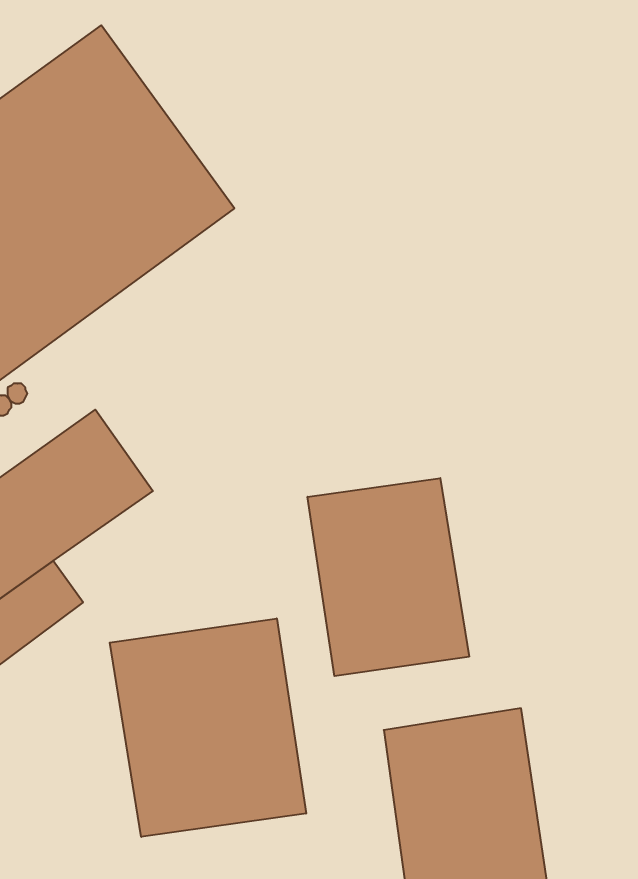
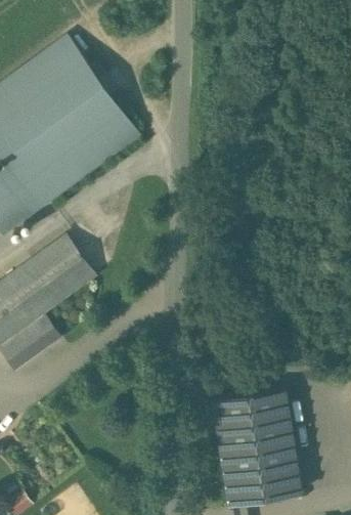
building: [308,478,469,676] -> none
building: [110,618,306,837] -> none

